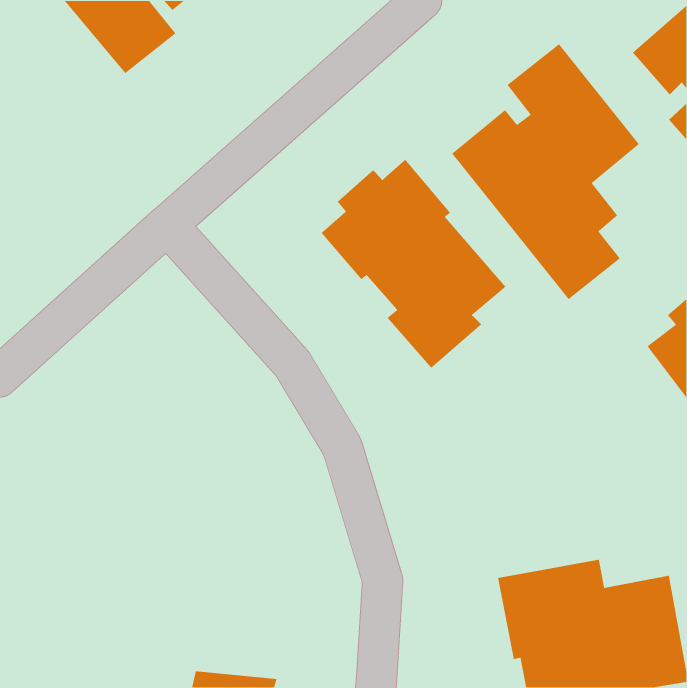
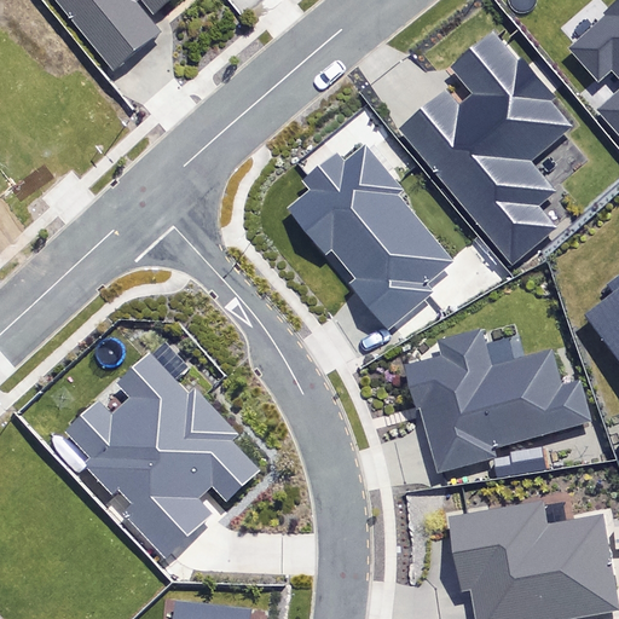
building: none -> [405,326,589,473]
building: none -> [76,359,265,562]

